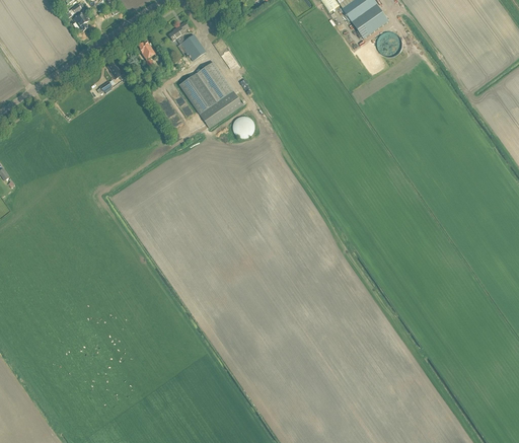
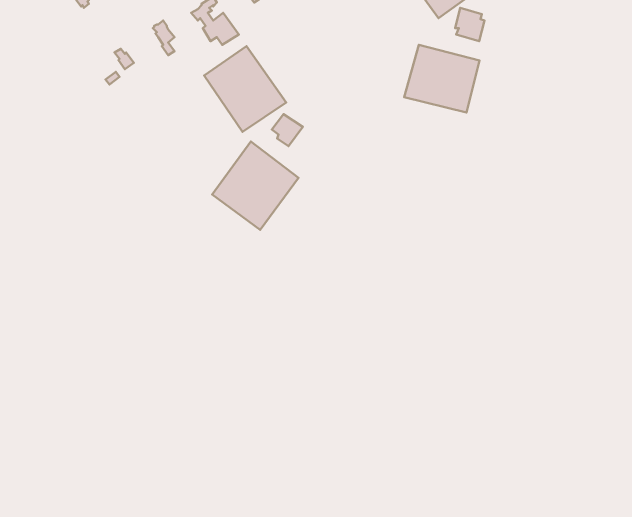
building: none -> [404,45,480,113]
building: none -> [212,141,299,230]

